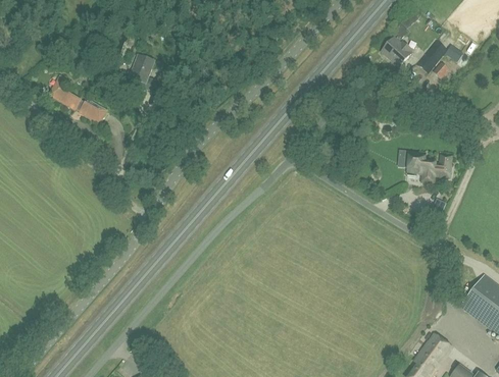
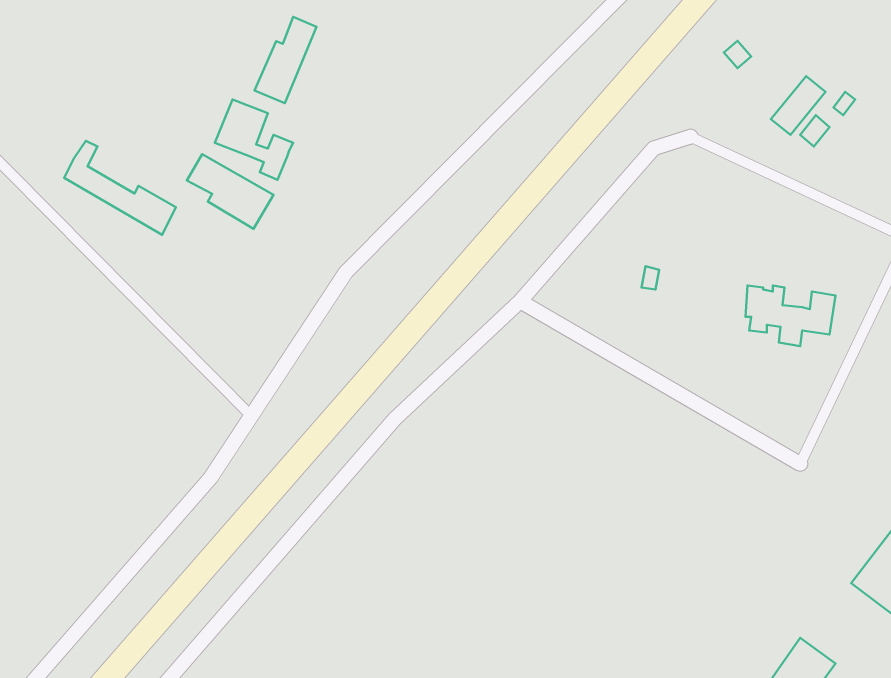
building: none -> [255,17,317,103]
building: [381,36,410,66] -> none
building: none -> [187,154,273,229]

